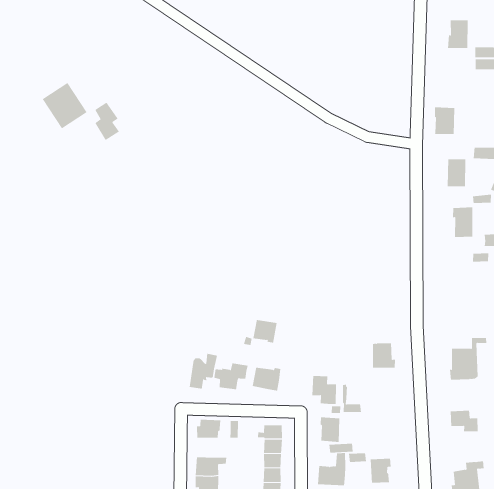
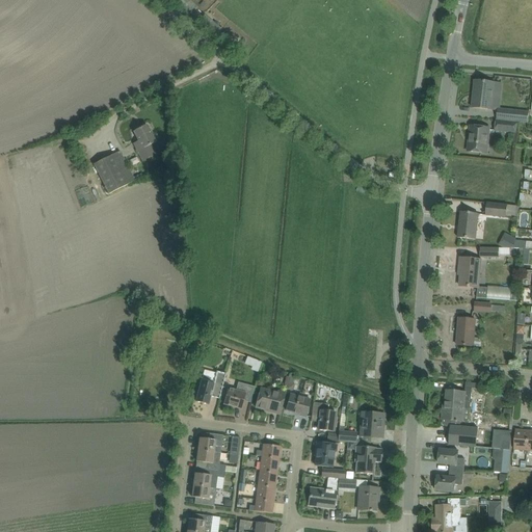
building: [42,82,87,129] -> [92,150,134,193]
building: [433,107,455,135] -> [467,124,489,152]
building: none -> [456,317,474,345]
building: [253,320,277,343] -> [285,392,310,416]
building: [372,343,396,368] -> [360,411,382,436]
building: none -> [448,424,476,446]
building: none -> [353,445,381,473]
building: none -> [435,469,463,490]
building: none -> [195,449,235,472]

